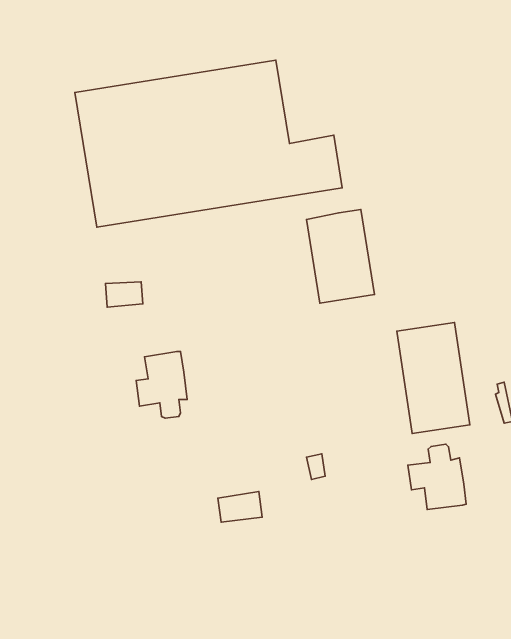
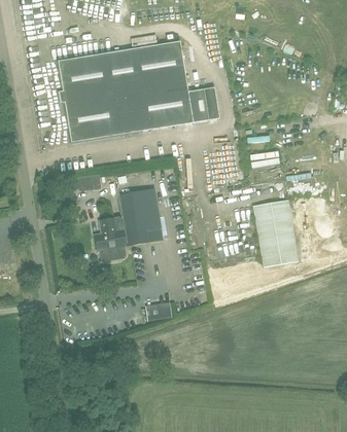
building: [306,209,374,303] -> [120,187,162,244]
building: [408,444,466,510] -> none

